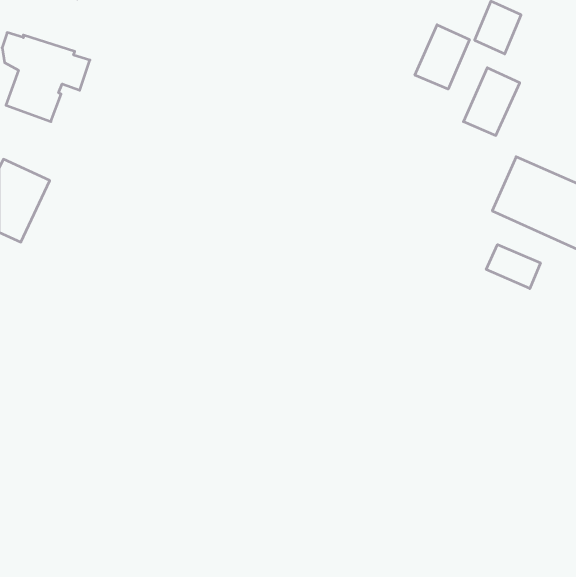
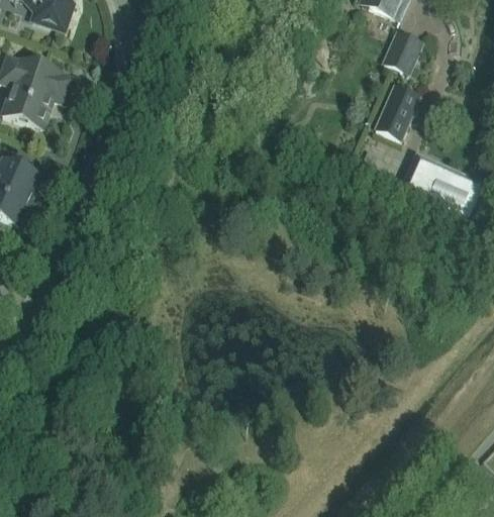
building: [415,25,469,89] -> none
building: [486,245,540,289] -> none

